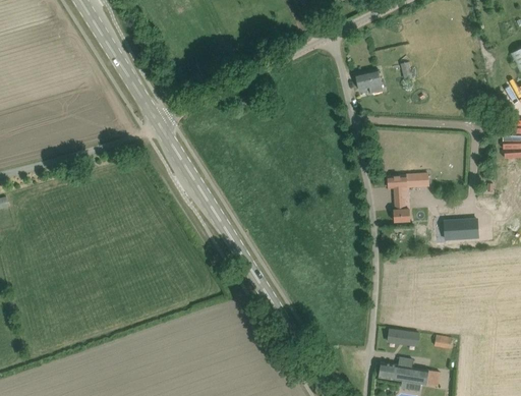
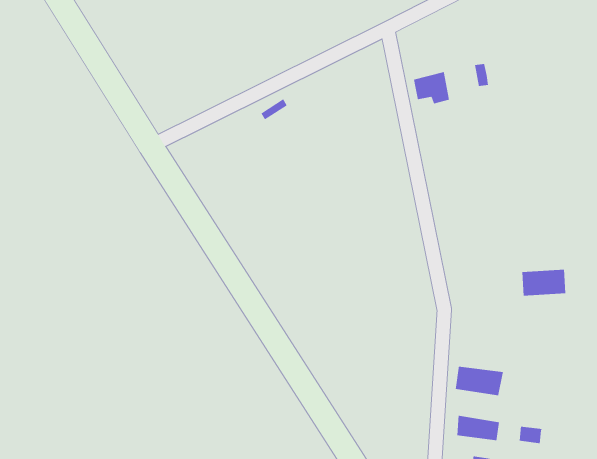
building: [388,174,429,223] -> none
building: none -> [455,366,504,396]

